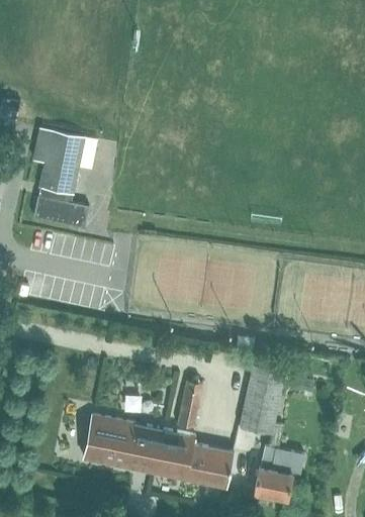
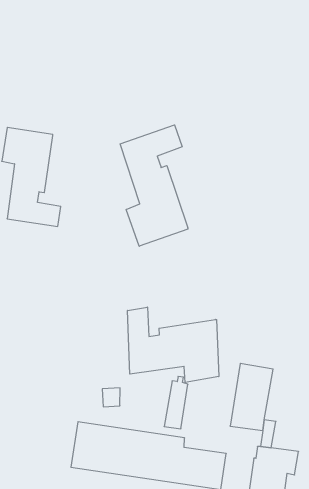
building: none -> [120,125,188,246]
building: none -> [128,307,219,382]

